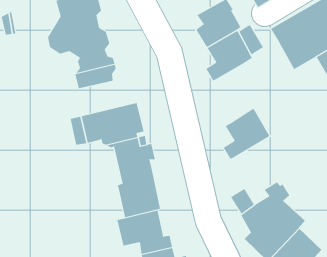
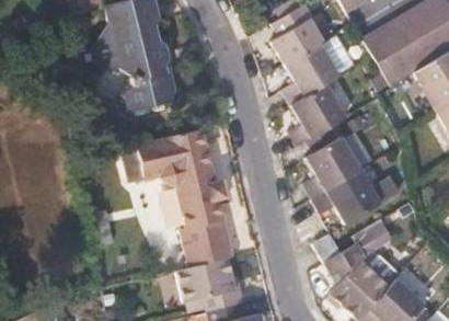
building: none -> [290,81,348,144]
building: none -> [313,168,401,221]

